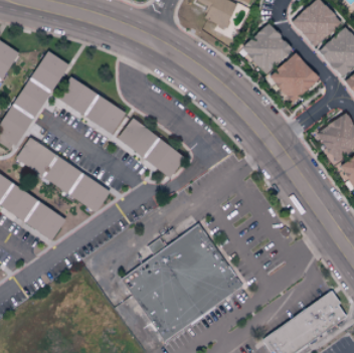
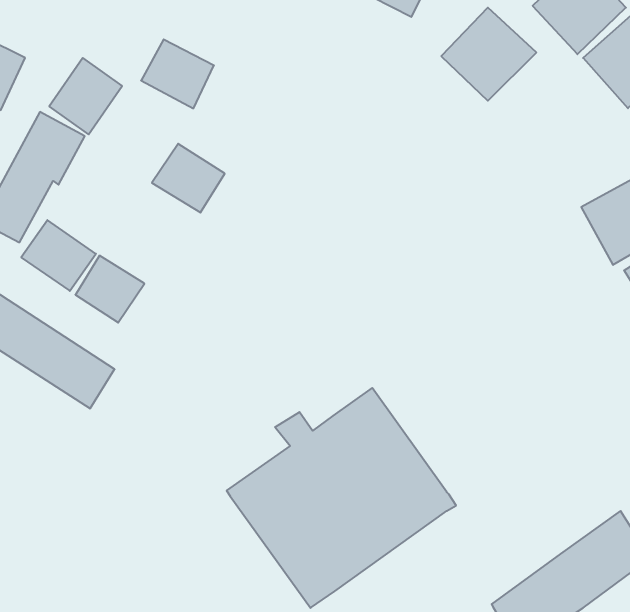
building: [269,52,319,103] -> none
building: [56,77,96,115] -> [141,39,214,108]
building: [117,119,157,157] -> none
building: [145,140,184,178] -> none
building: [69,174,110,213] -> none

